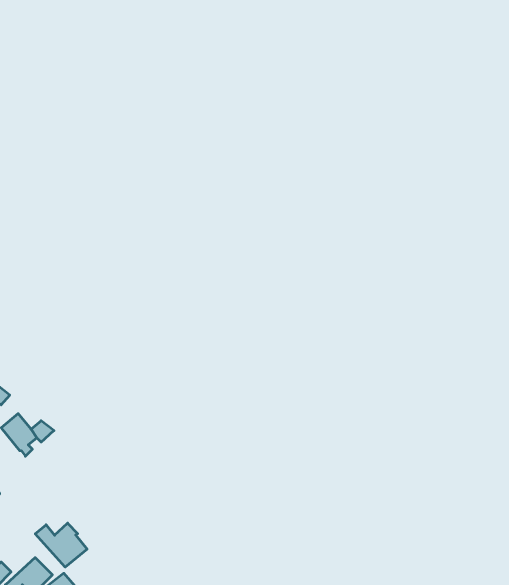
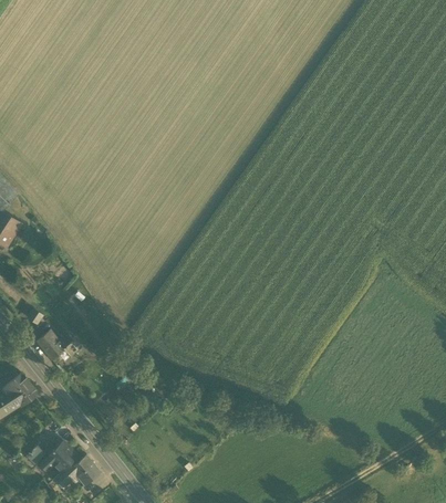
building: [35,523,87,567] -> none

